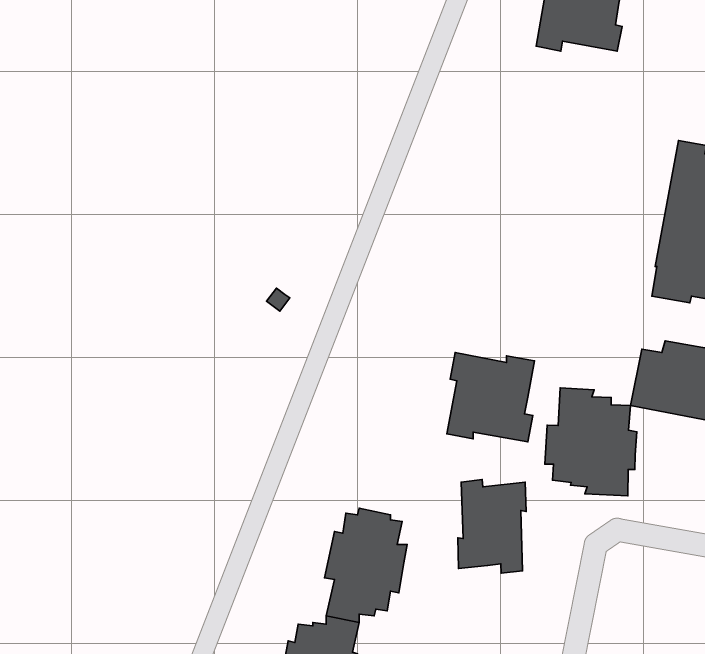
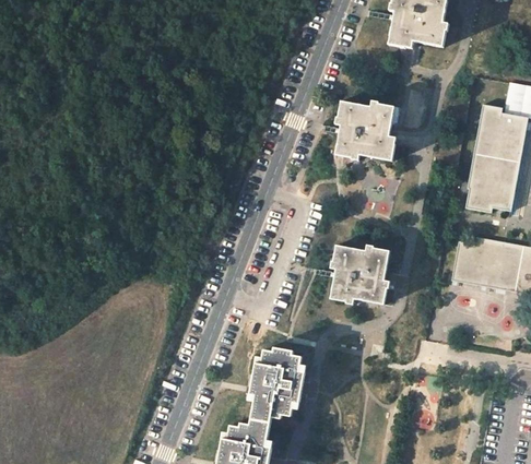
building: none -> [334,102,394,160]
building: [545,388,637,496] -> none
building: [458,480,526,573] -> none

